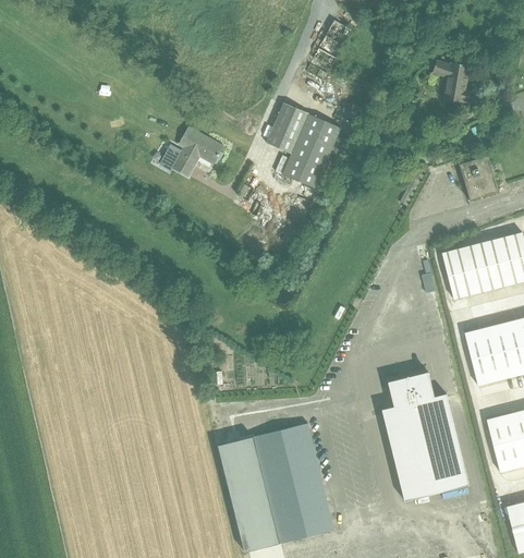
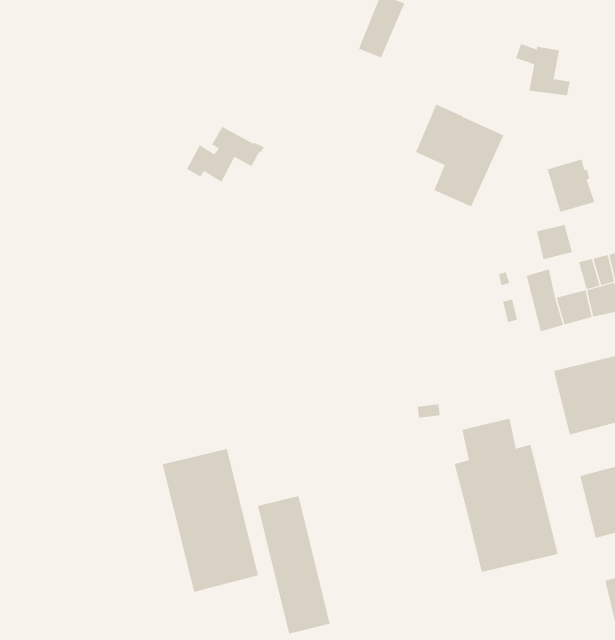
building: [267,102,341,189] -> [415,104,504,207]
building: [461,242,491,271] -> [536,225,573,260]
building: [253,423,333,543] -> [162,448,259,592]

